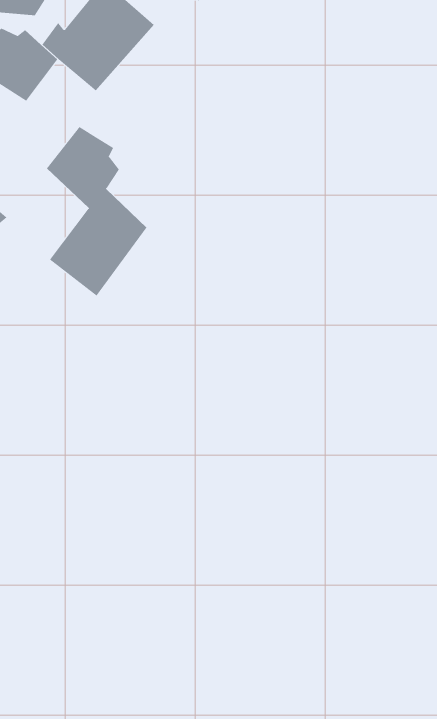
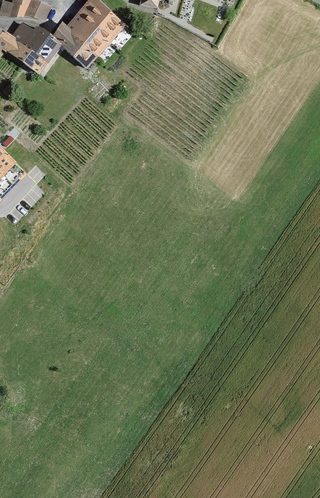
building: [46,126,147,297] -> none

